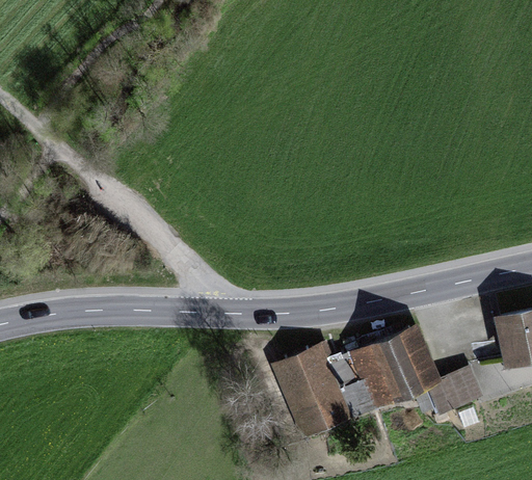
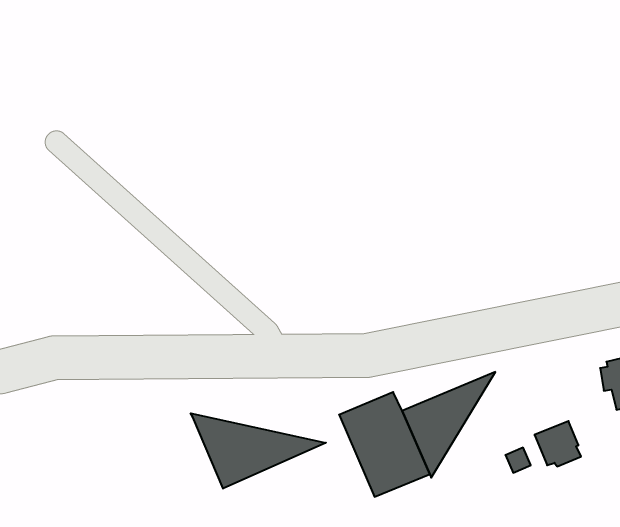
building: [355,328,432,416] -> none
building: none -> [191,413,326,489]

